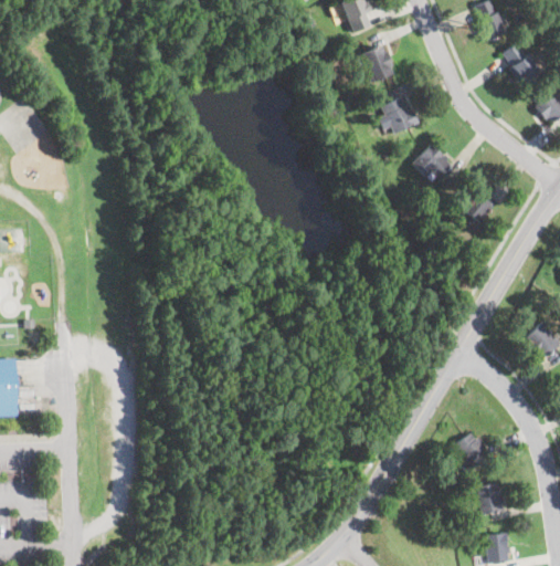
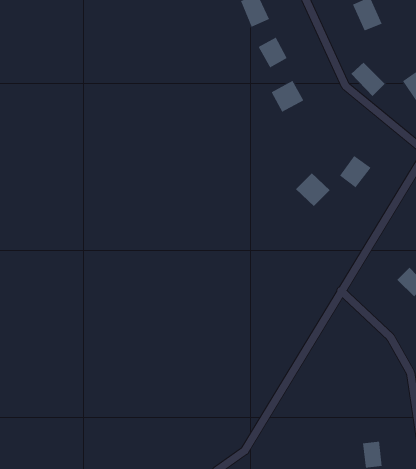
building: [500,42,542,84] -> [350,62,386,97]
building: [413,144,455,185] -> [295,173,330,207]
building: [451,430,493,472] -> none
building: [474,481,504,513] -> none

